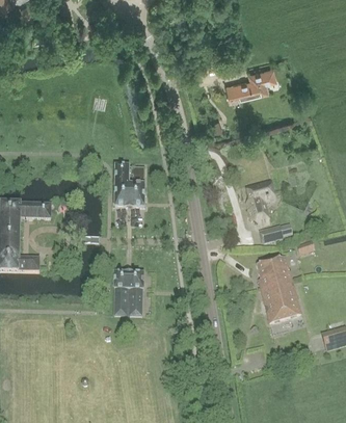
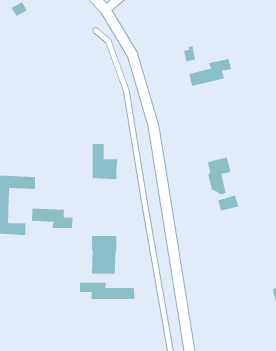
building: none -> [32,208,73,229]
building: [258,259,301,323] -> none
building: none -> [79,282,135,300]

